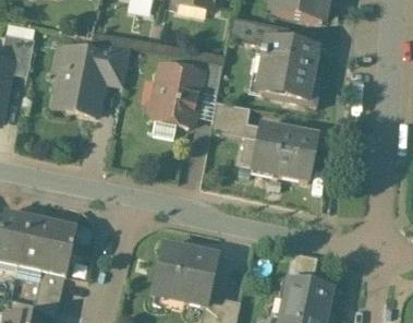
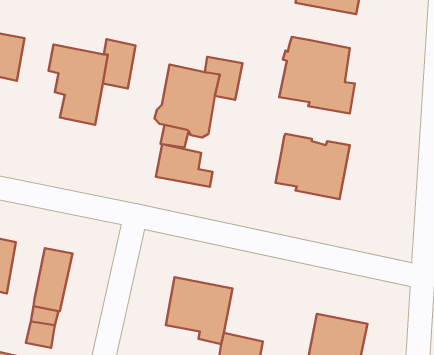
building: [228,17,287,47] -> none
building: [210,101,259,139] -> [156,144,212,187]
building: [20,217,52,266] -> none

